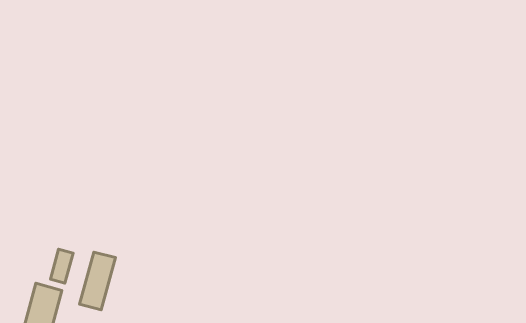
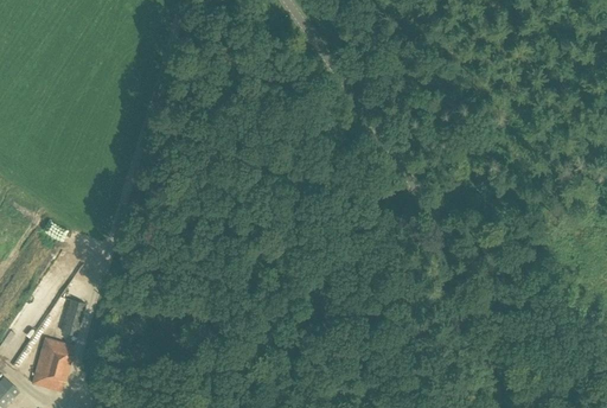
building: [80,252,116,310] -> none

